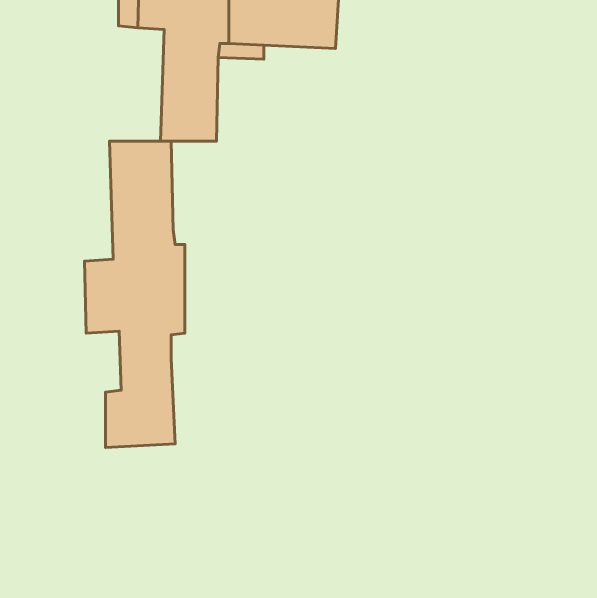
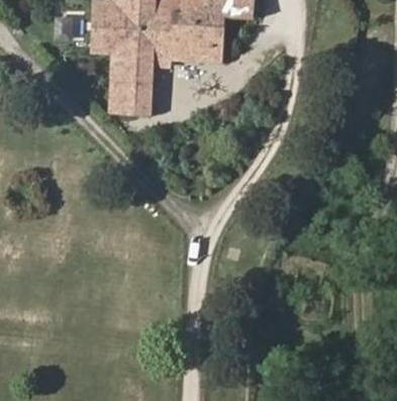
building: [84,141,185,447] -> none

